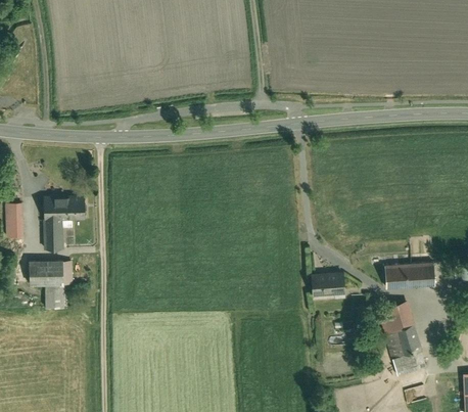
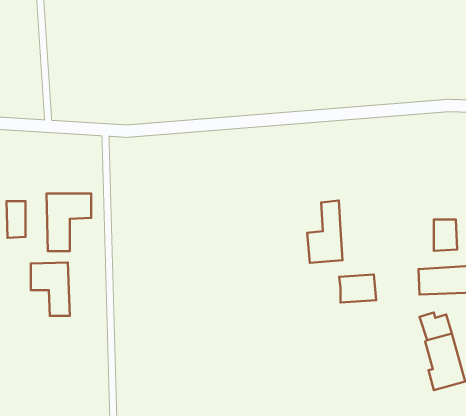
building: none -> [307,200,343,263]
building: none -> [434,219,457,251]

